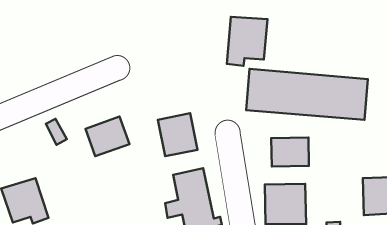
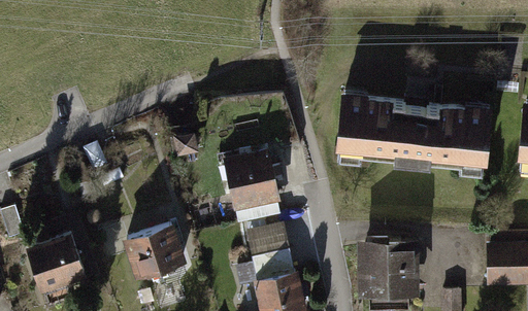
building: [227,17,267,66] -> none
building: [86,117,129,156] -> [127,230,183,280]
building: [271,138,309,167] -> none

